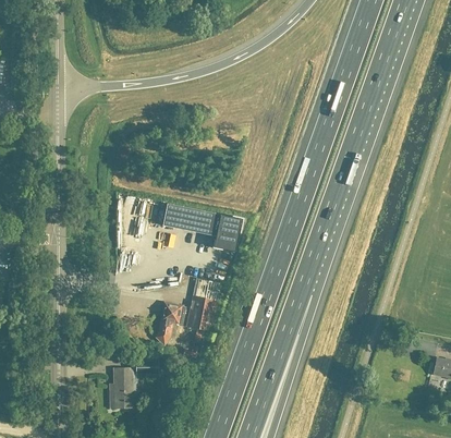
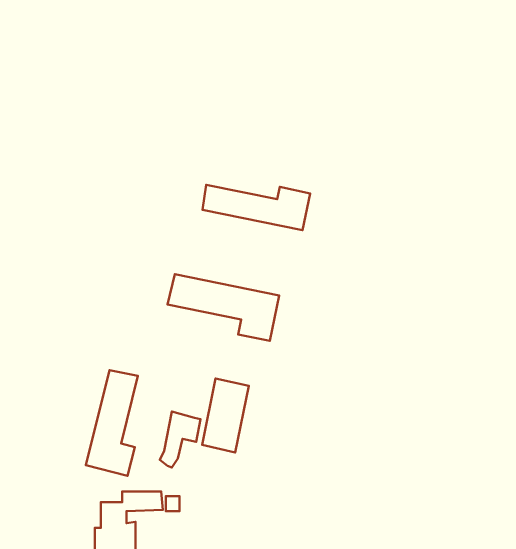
building: none -> [202,185,310,230]
building: none -> [86,370,138,476]

